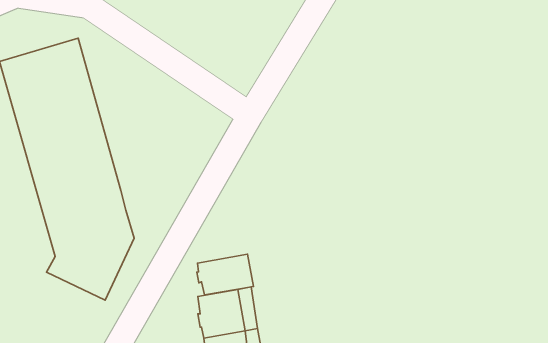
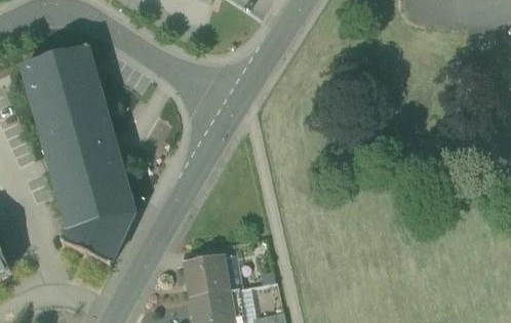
building: [197,254,253,295] -> none

